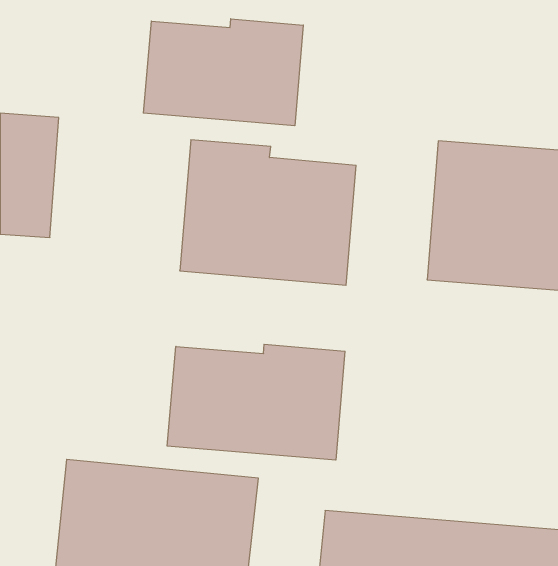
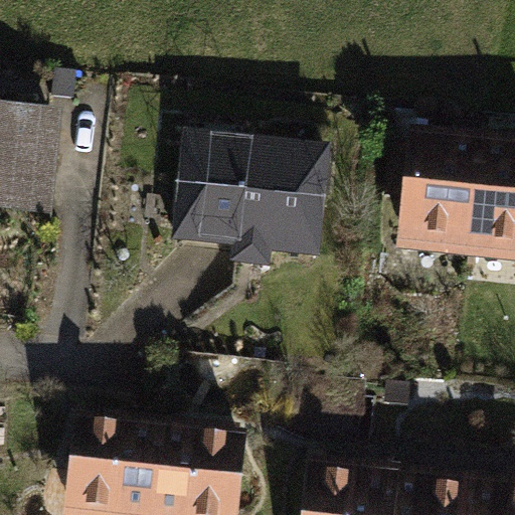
building: [143,19,303,126] -> none
building: [167,344,345,460] -> none

